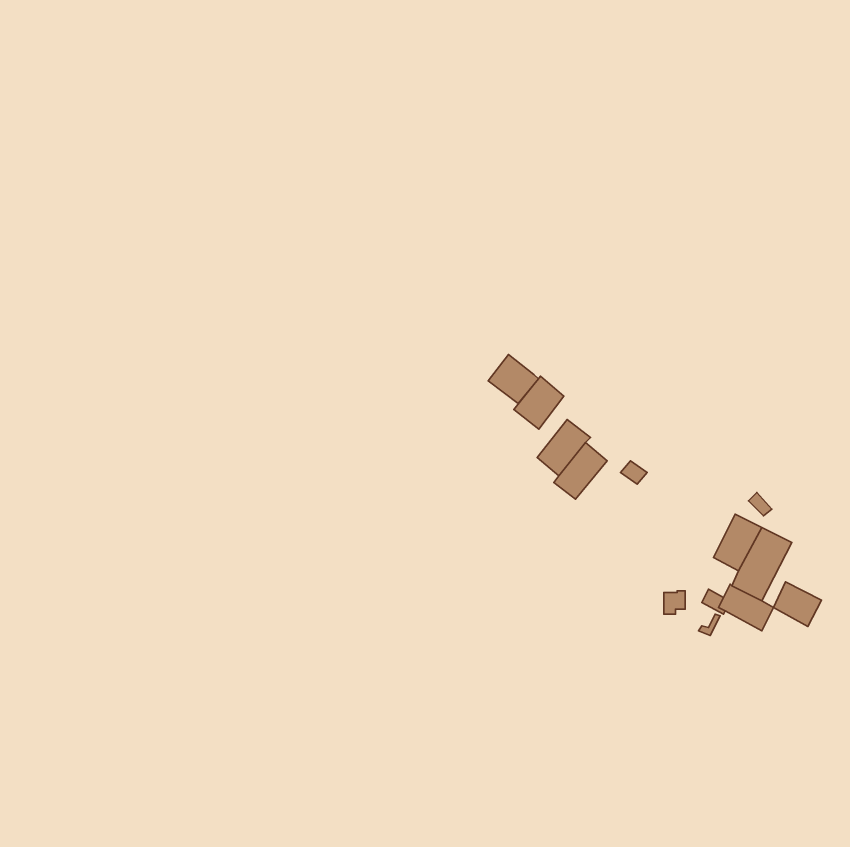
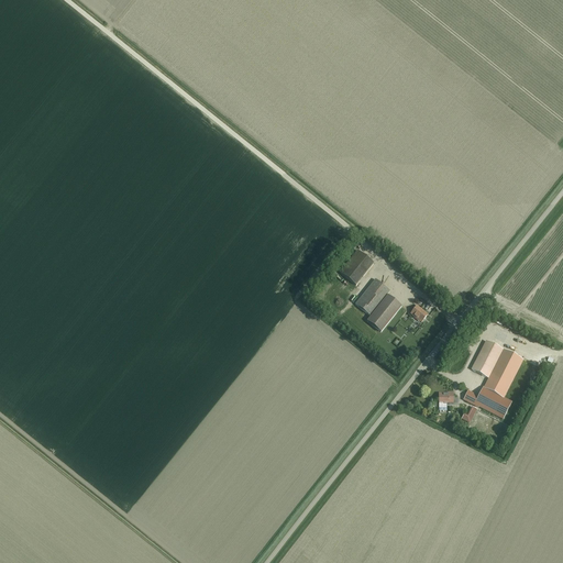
building: [488,354,538,404] -> none
building: [773,582,821,626] -> none

